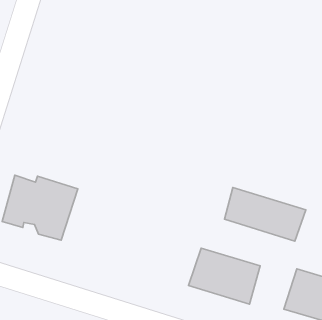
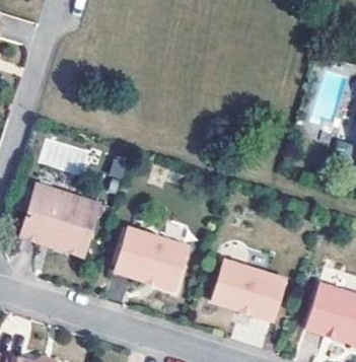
building: [225,187,306,241] -> none
building: none -> [115,227,184,291]

